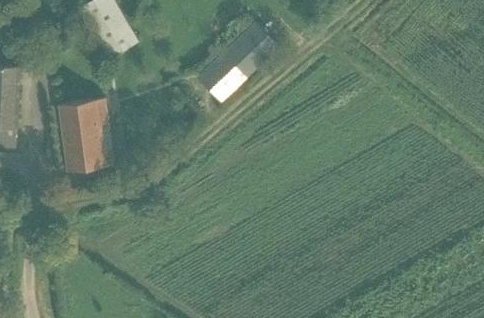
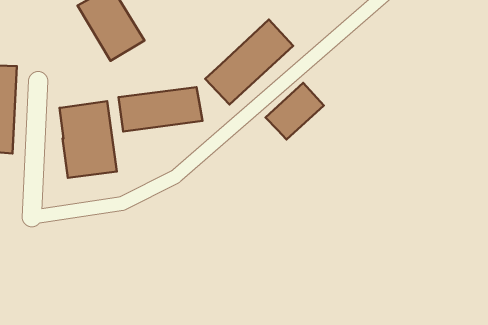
building: none -> [265,83,324,139]
building: none -> [118,87,202,132]

